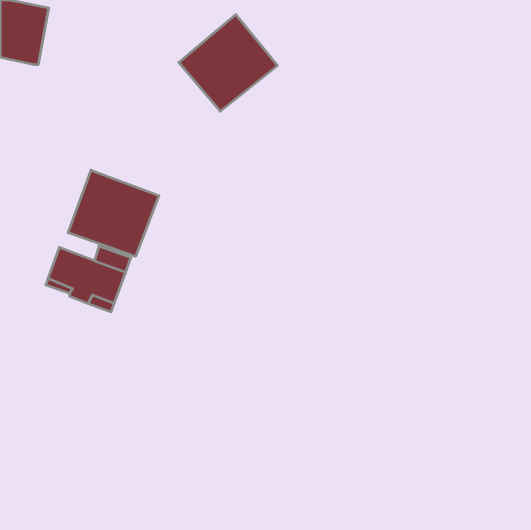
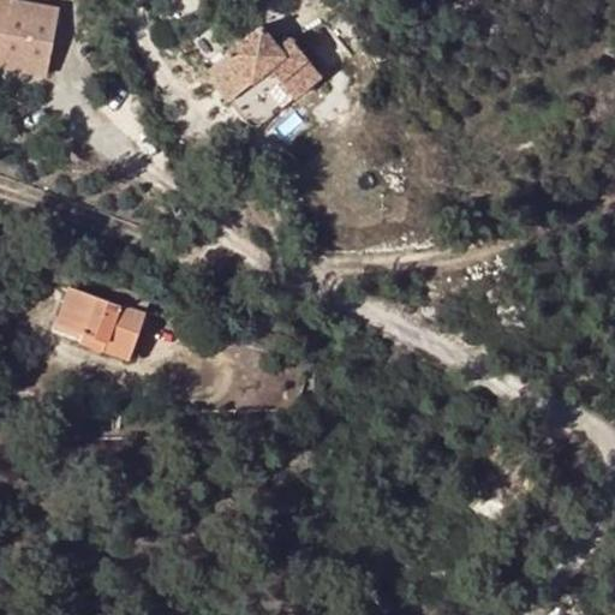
building: [68,170,159,256] -> none

